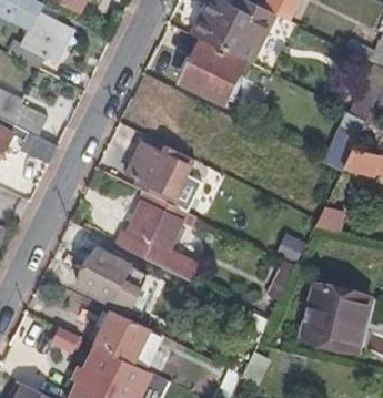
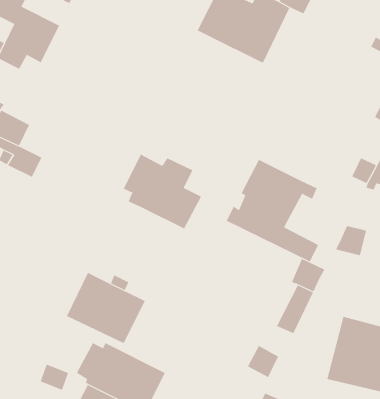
building: [181,40,248,106] -> none
building: [114,191,196,282] -> [226,159,319,262]

